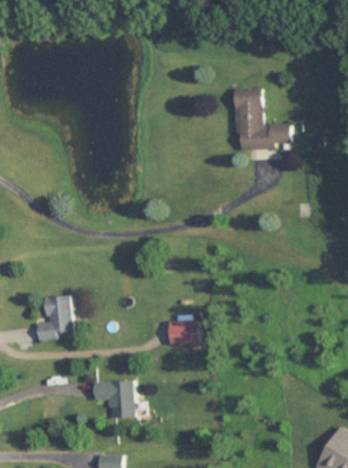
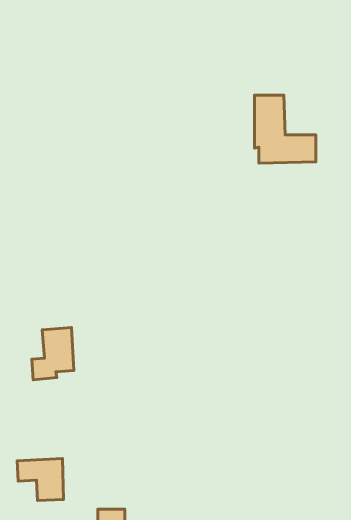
building: [165,320,196,343] -> none
building: [94,380,135,417] -> [17,459,64,500]

